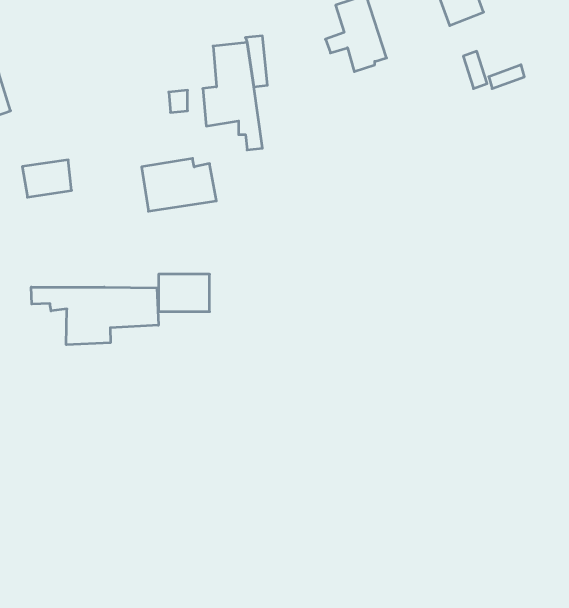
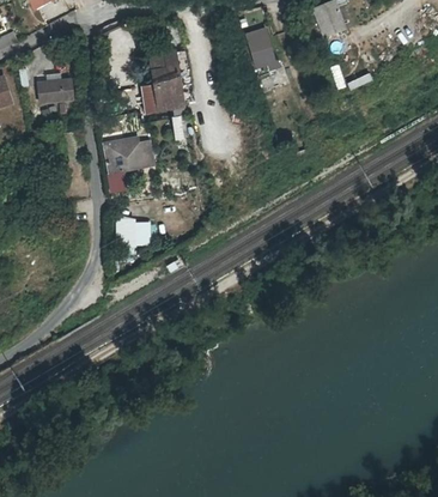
building: [22,160,72,197] -> [38,78,73,104]
building: [31,287,158,345] -> none

